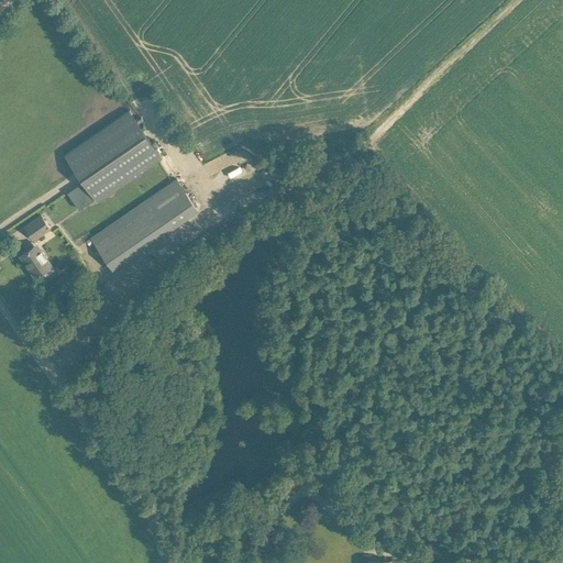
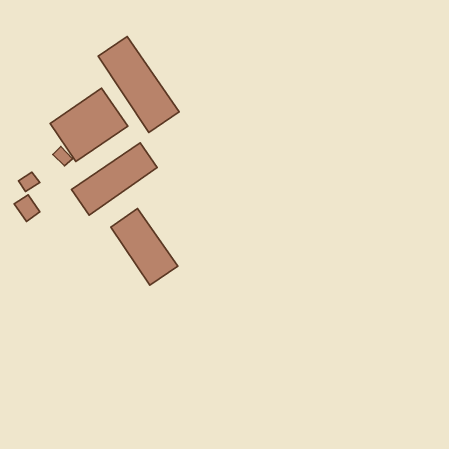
building: none -> [98,36,179,132]
building: none -> [111,208,178,285]

